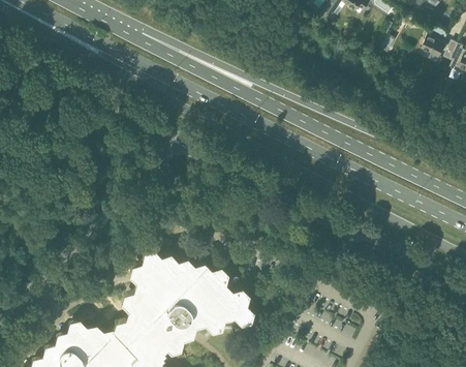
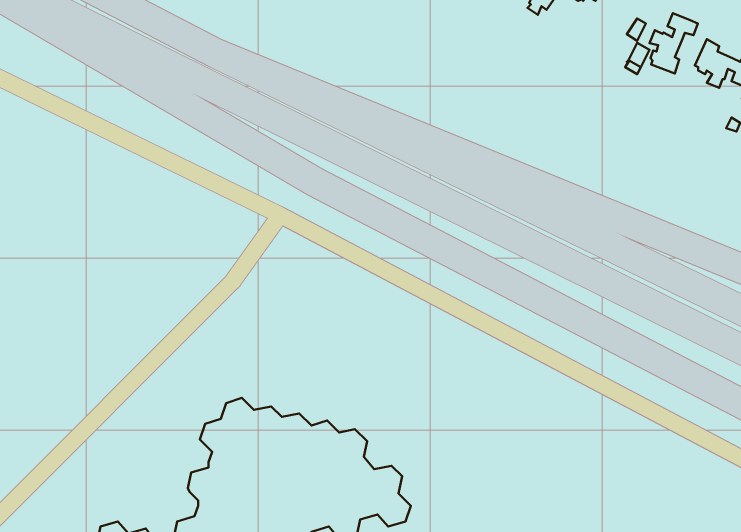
building: none -> [649,13,698,74]

